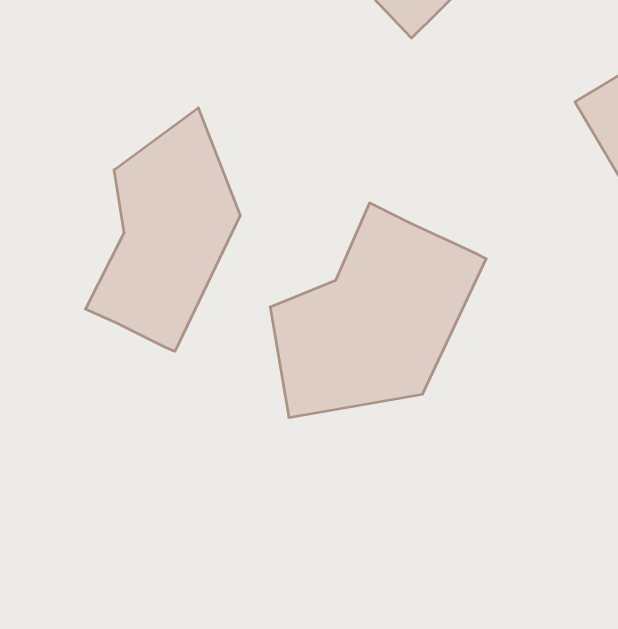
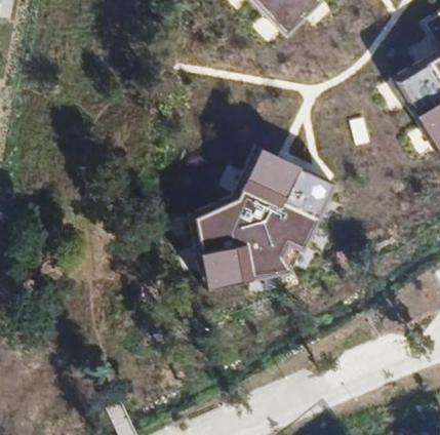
building: [85,108,240,351] -> none

